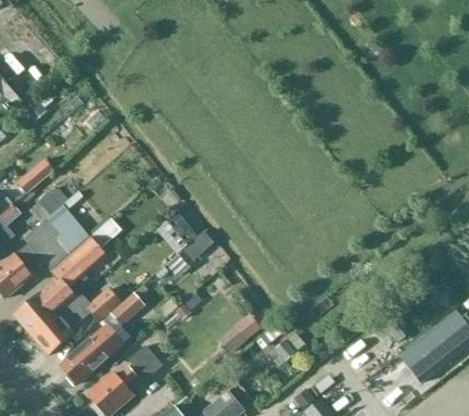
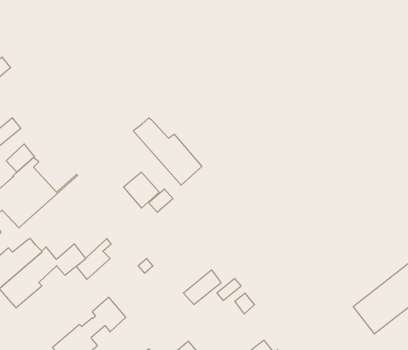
building: none -> [134,118,202,185]
building: [51,217,122,289] -> none
building: [60,322,125,383] -> none

